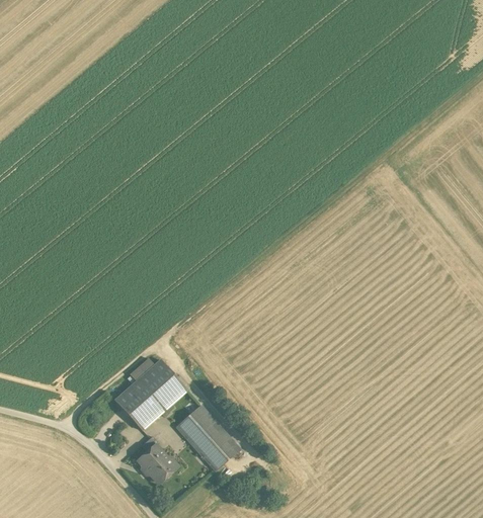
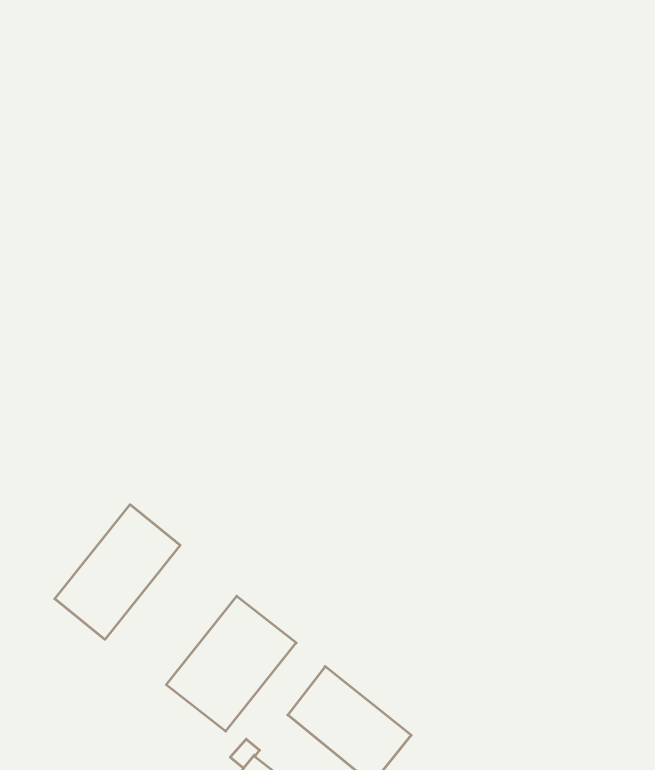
building: none -> [55,505,180,639]

